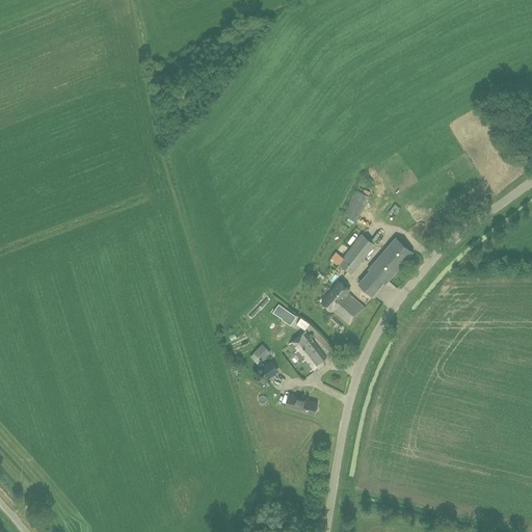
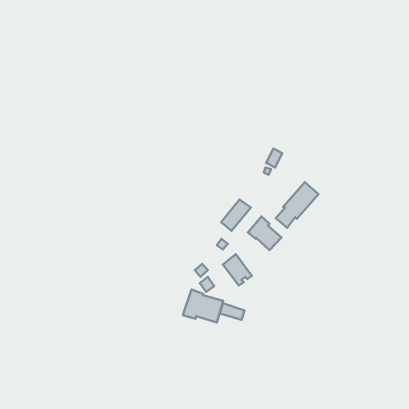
building: [337,233,375,273] -> [221,200,251,231]
building: none -> [183,290,223,323]

